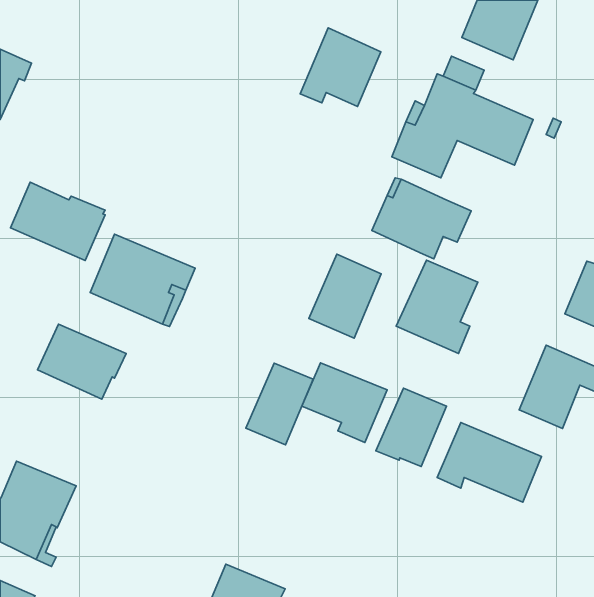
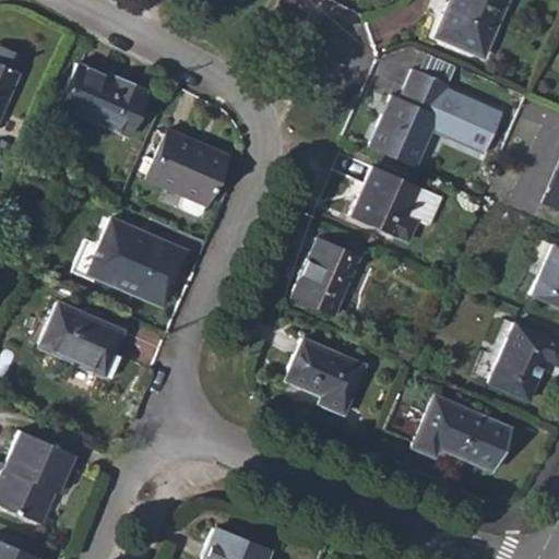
building: [300,28,381,107] -> none
building: none -> [146,129,227,215]
building: [10,182,105,261] -> [59,63,147,136]
building: [396,260,478,353] -> none
building: [246,363,313,445] -> none
building: [376,388,446,466] -> none

